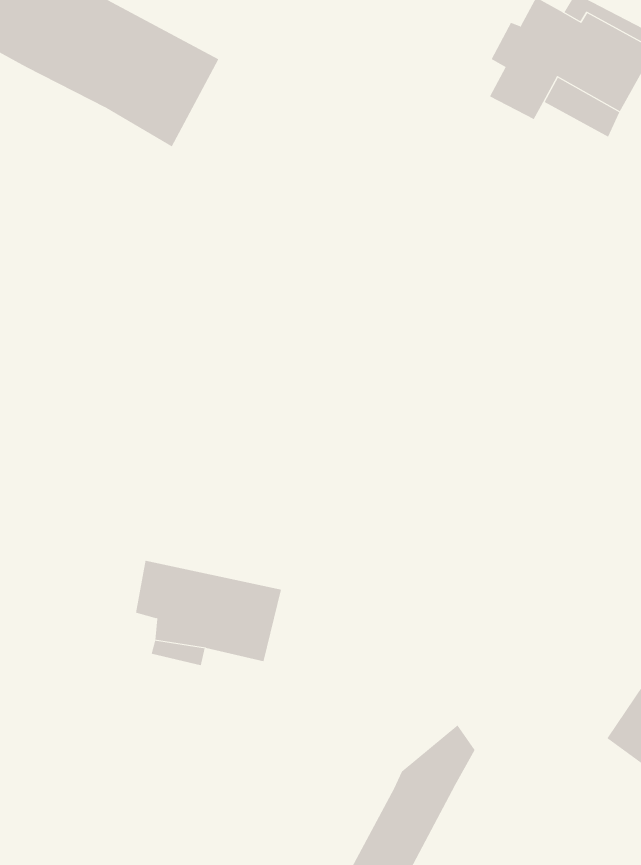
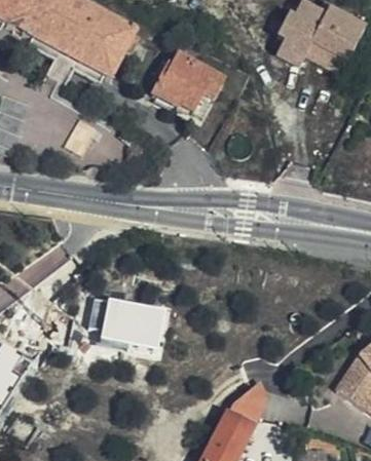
building: none -> [152,55,223,116]

